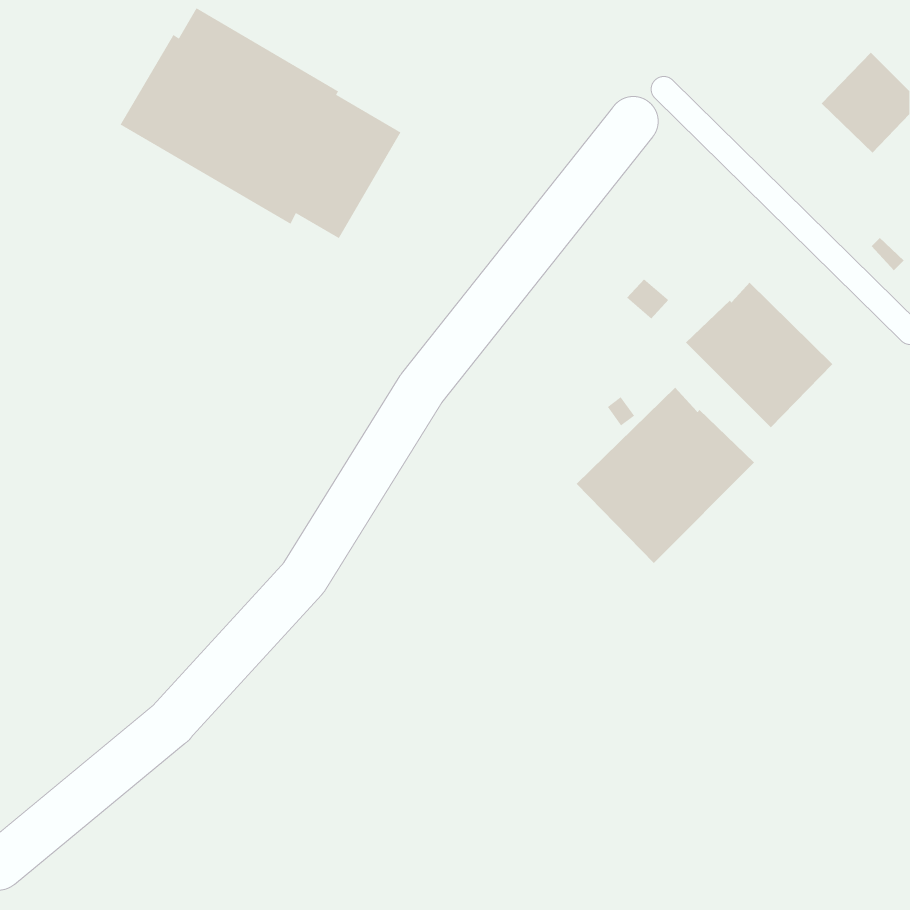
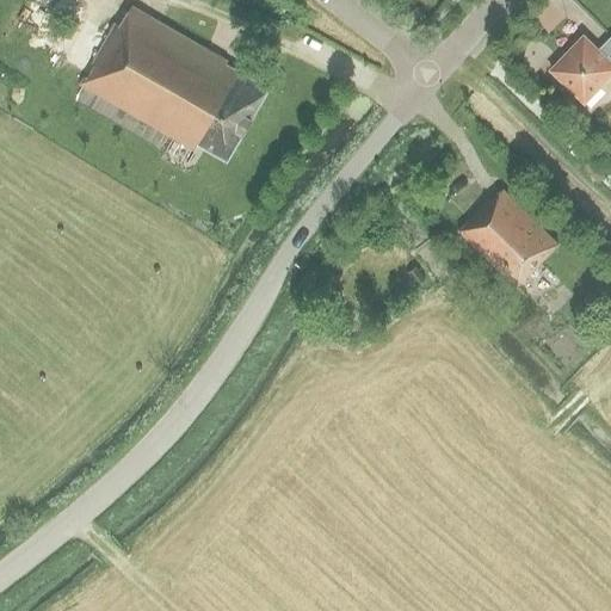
building: [576,387,755,564] -> none

